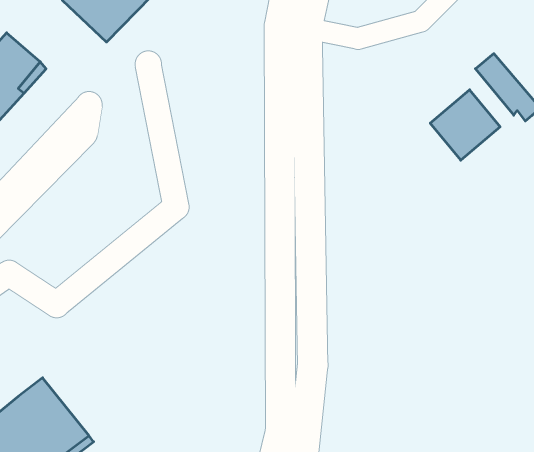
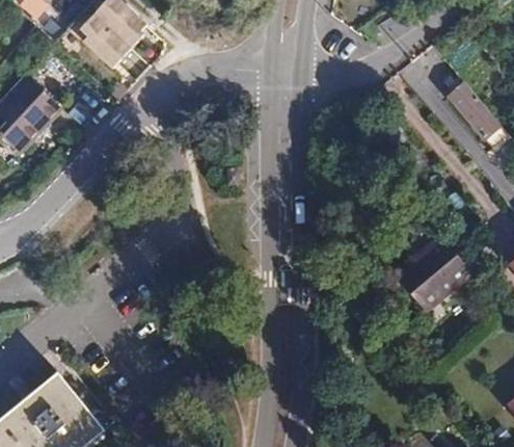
building: [430,90,500,160] -> none
building: none -> [389,231,466,308]

